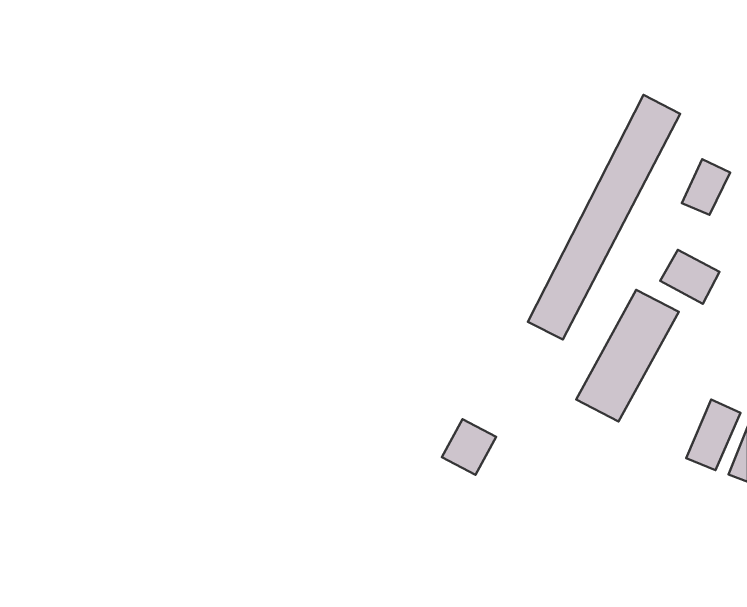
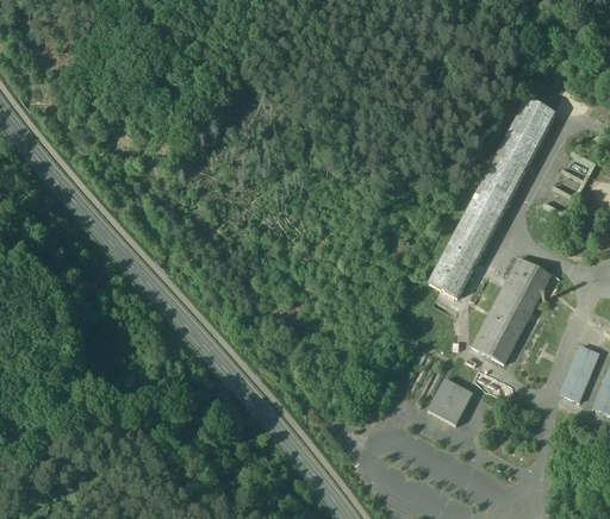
building: [660,250,720,304] -> none
building: [442,419,496,475] -> [428,379,472,424]

